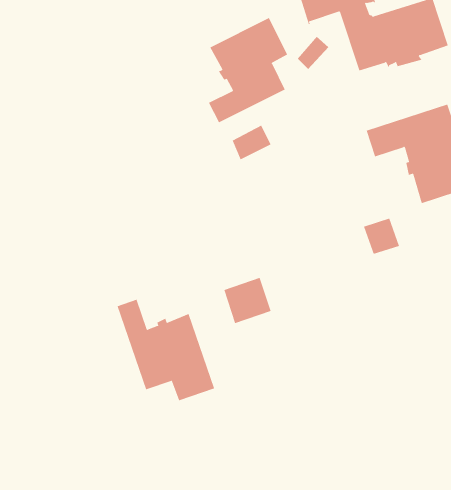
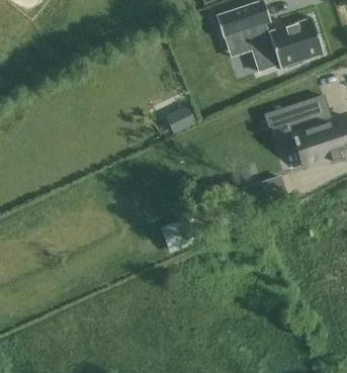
building: [208,17,288,123] -> none
building: [117,299,215,401] -> none

